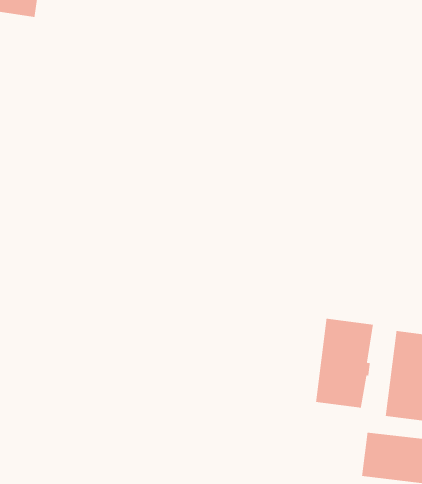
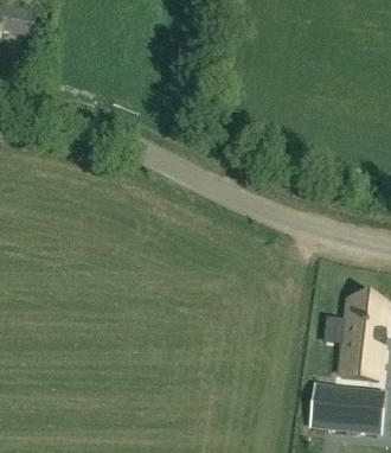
building: [315,318,374,408] -> none

